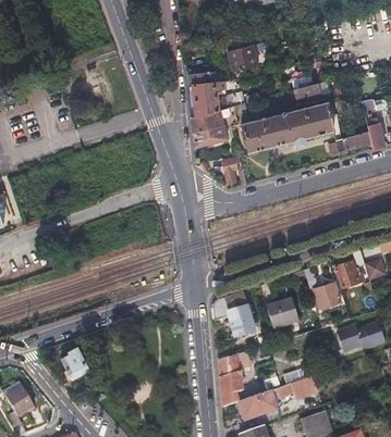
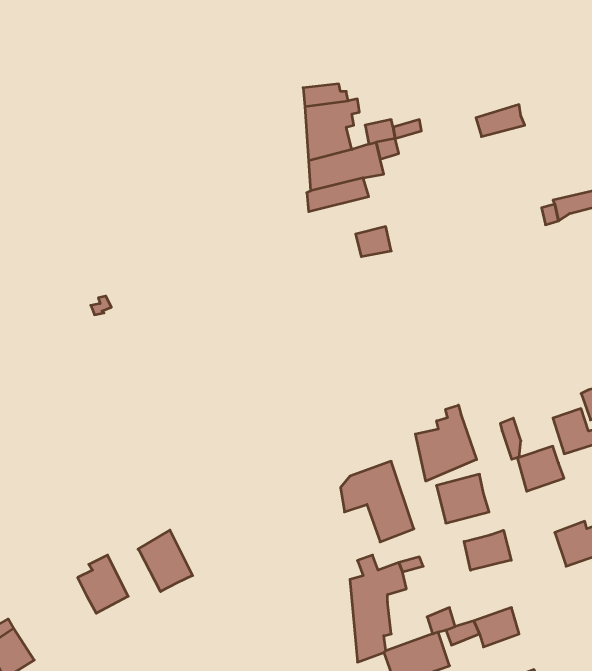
building: [228,46,258,73] -> none
building: [240,101,334,151] -> none
building: none -> [415,405,477,481]
building: none -> [138,530,193,592]
building: none -> [464,530,511,570]

